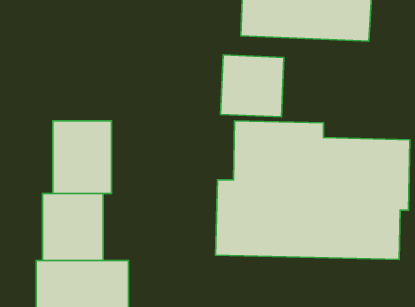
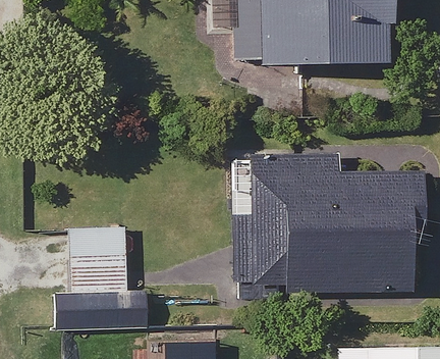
building: [221,55,284,117] -> none
building: [53,121,111,193] -> none

